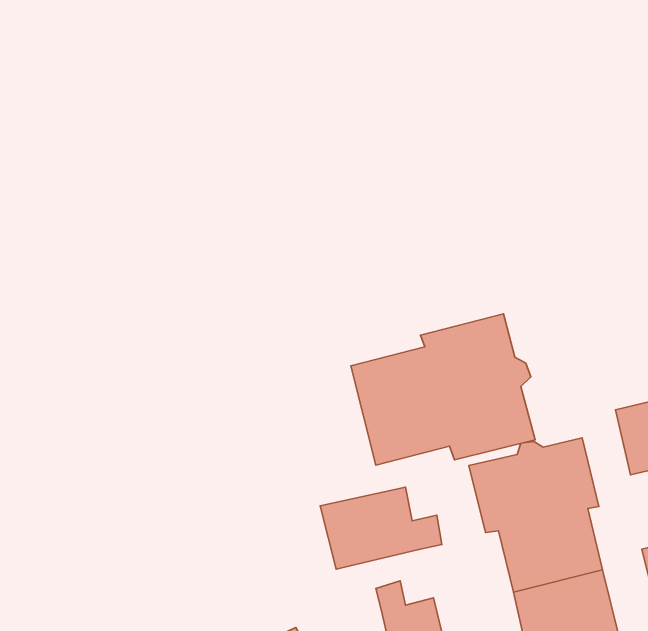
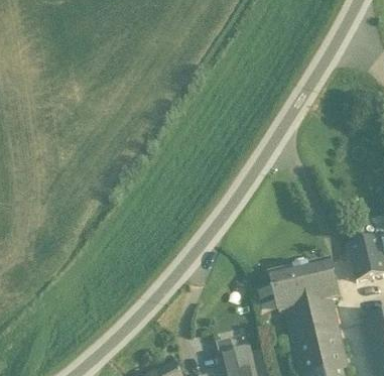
building: [351,314,535,465] -> none
building: [320,487,442,569] -> none

